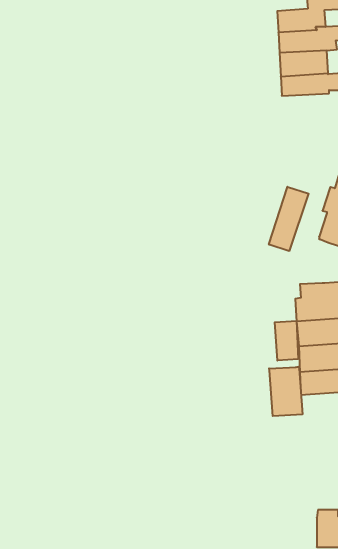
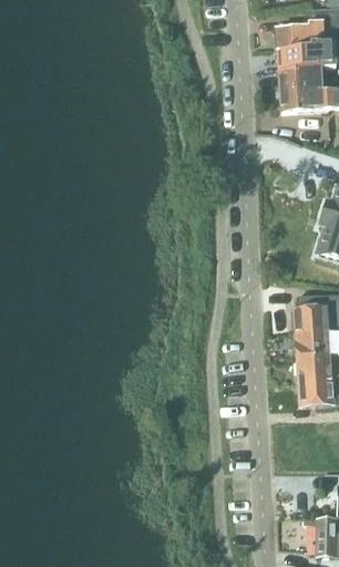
building: [269,187,309,251] -> none
building: [275,321,298,361] -> none
building: [269,367,302,416] -> none

